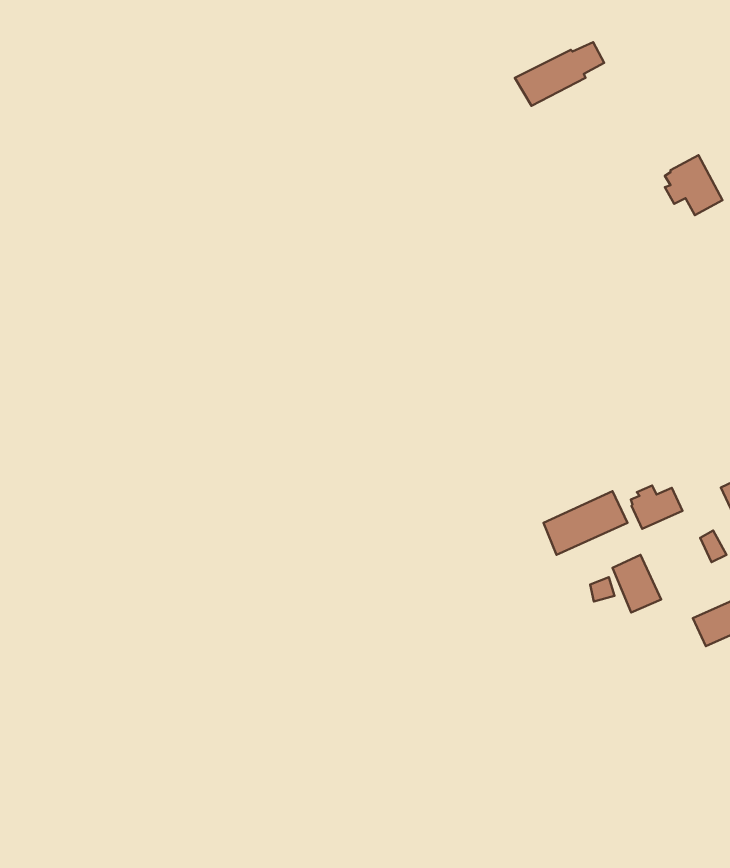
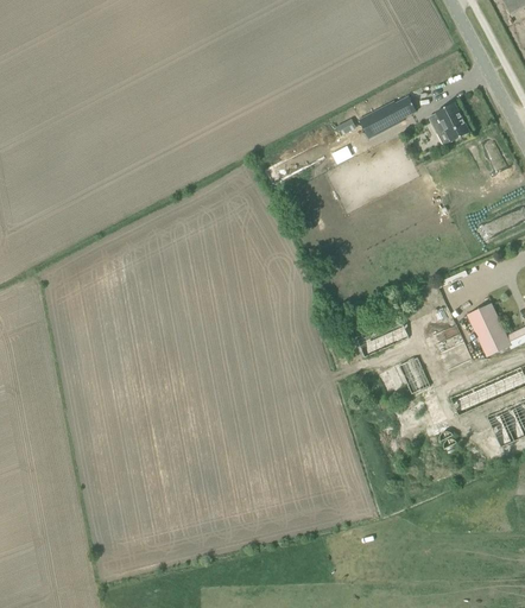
building: [515,42,604,106] -> [359,96,416,137]
building: [631,485,682,529] -> none

